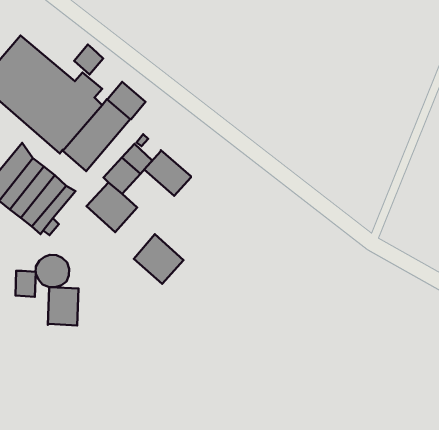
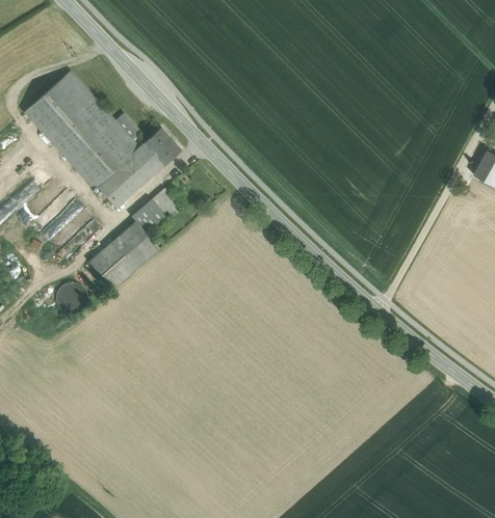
building: [74,45,103,75] -> none
building: [144,150,191,196] -> none
building: [134,234,183,284] -> [88,241,135,289]
building: [15,271,36,297] -> none
building: [48,287,79,325] -> none

